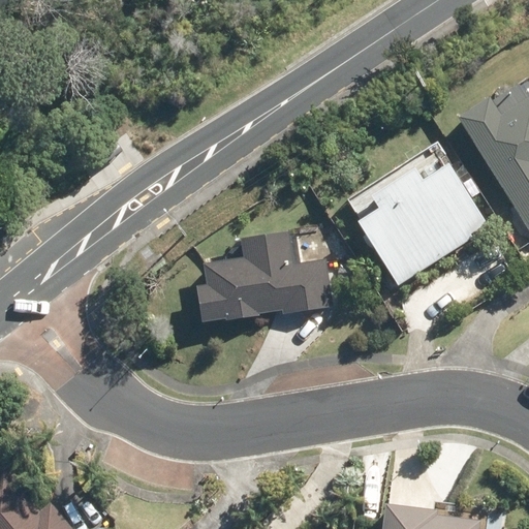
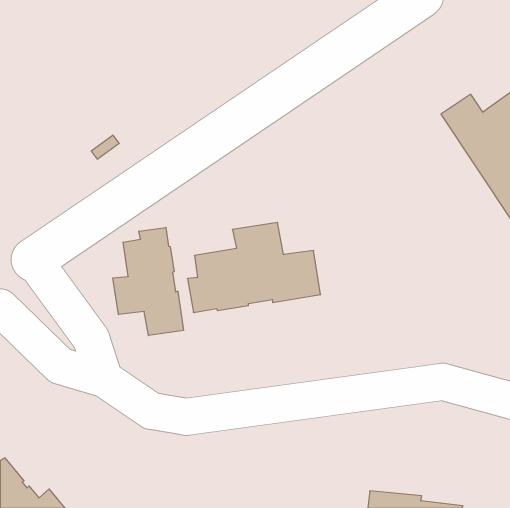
building: [356,163,488,286] -> none
building: none -> [113,227,183,336]

